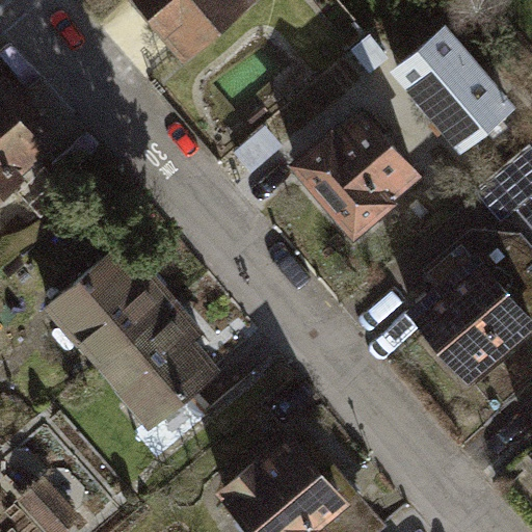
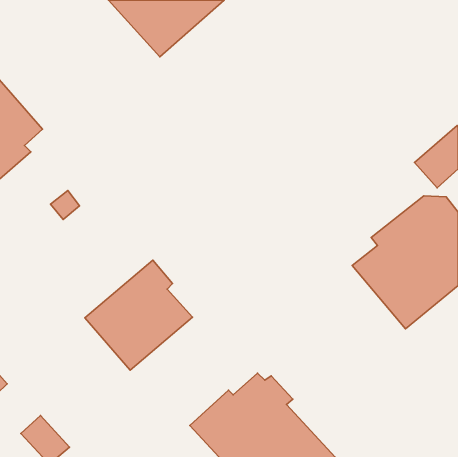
building: [396,31,506,145] -> none
building: [292,114,413,235] -> none
building: [49,254,176,371] -> none

